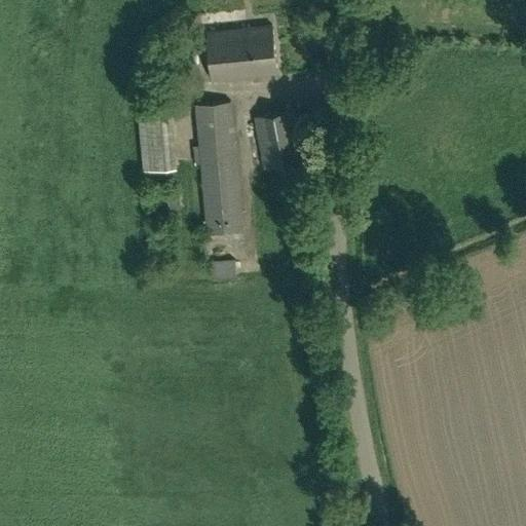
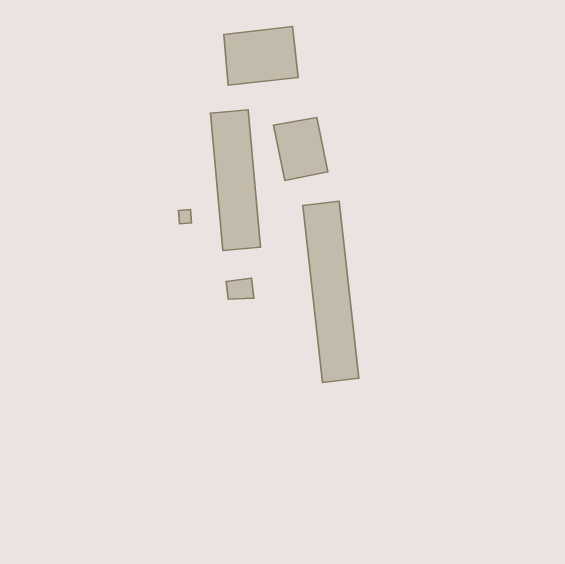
building: [137,109,176,174] -> none
building: none -> [303,201,359,382]

